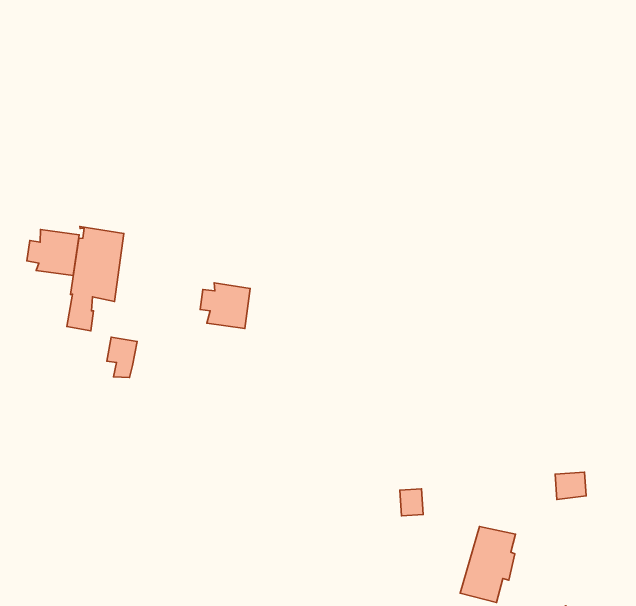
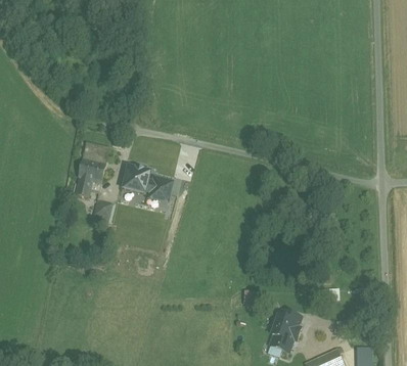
building: [27,229,79,275] -> none
building: none -> [123,168,149,193]

